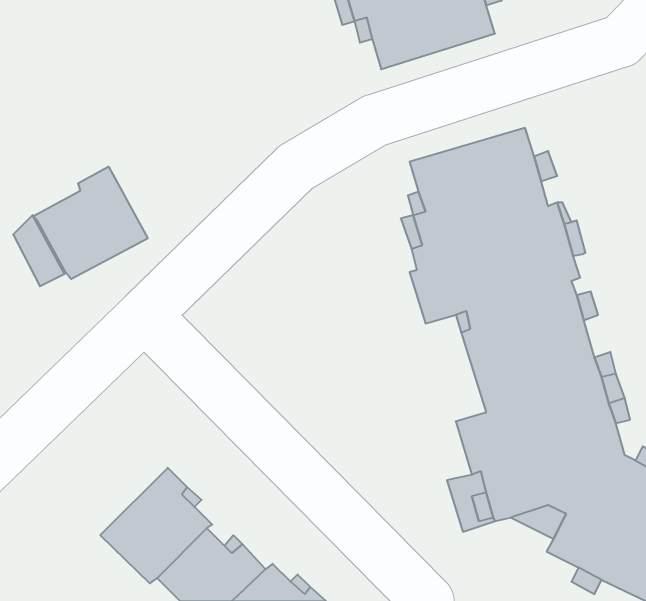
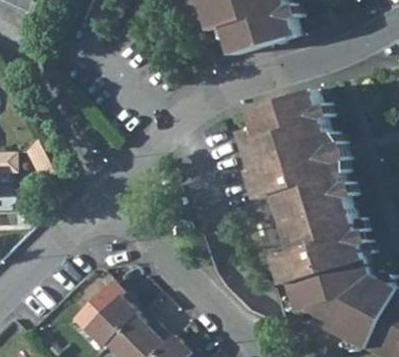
building: [33,167,148,279] -> none

